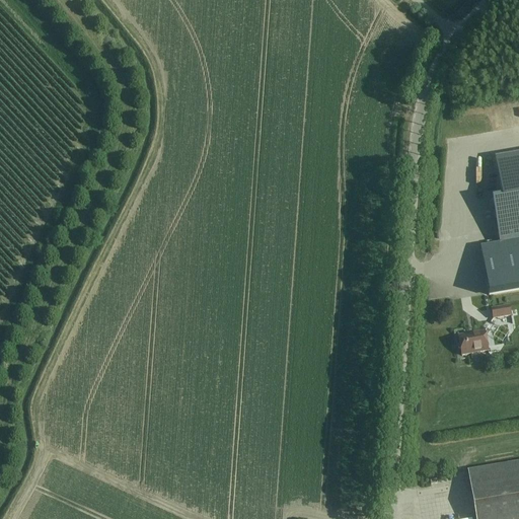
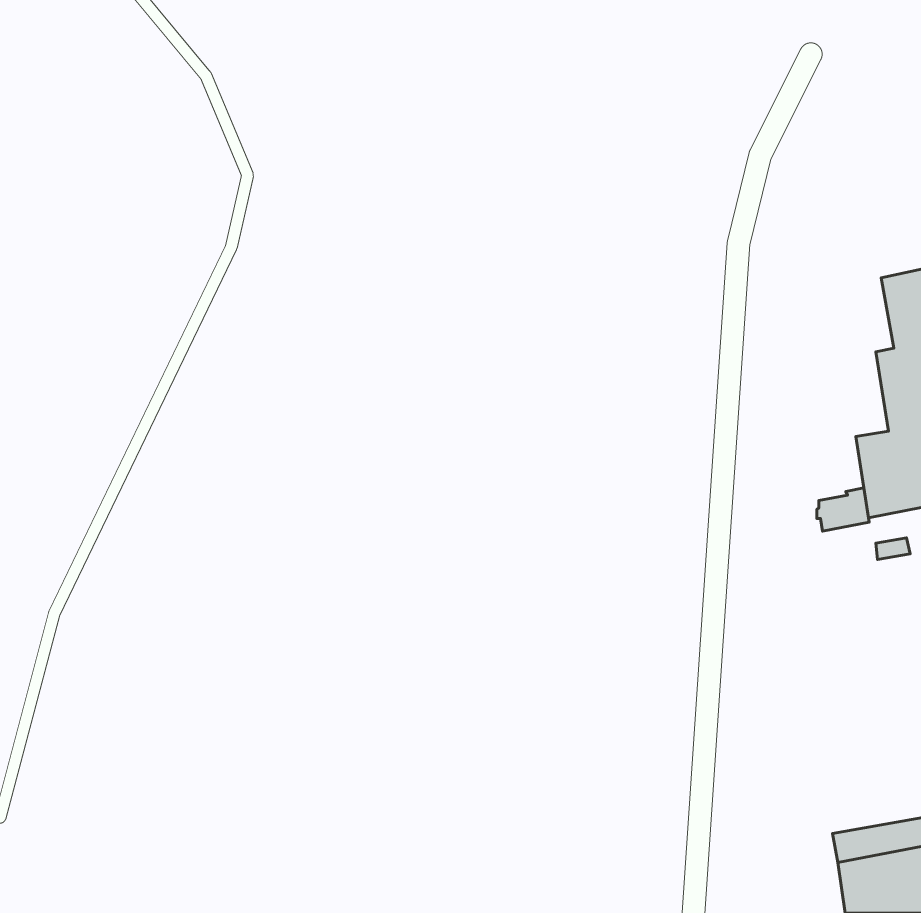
building: [459,327,489,352] -> [817,488,869,531]

